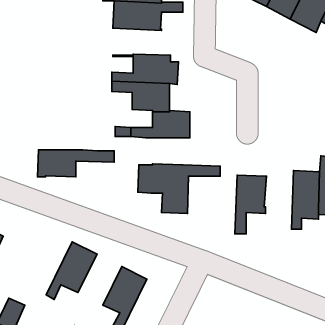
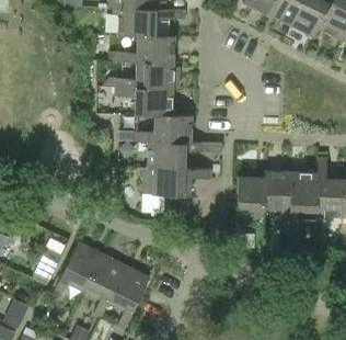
building: none -> [117,34,174,60]
building: [37,150,114,177] -> [148,140,222,167]
building: none -> [264,171,292,229]
building: none -> [83,253,126,317]

